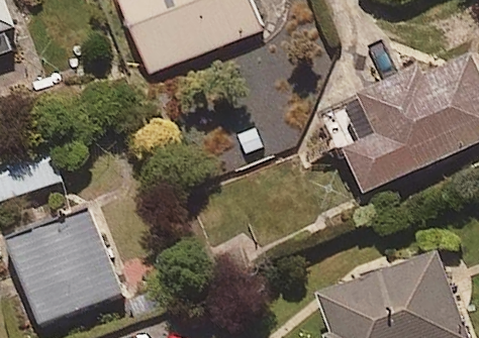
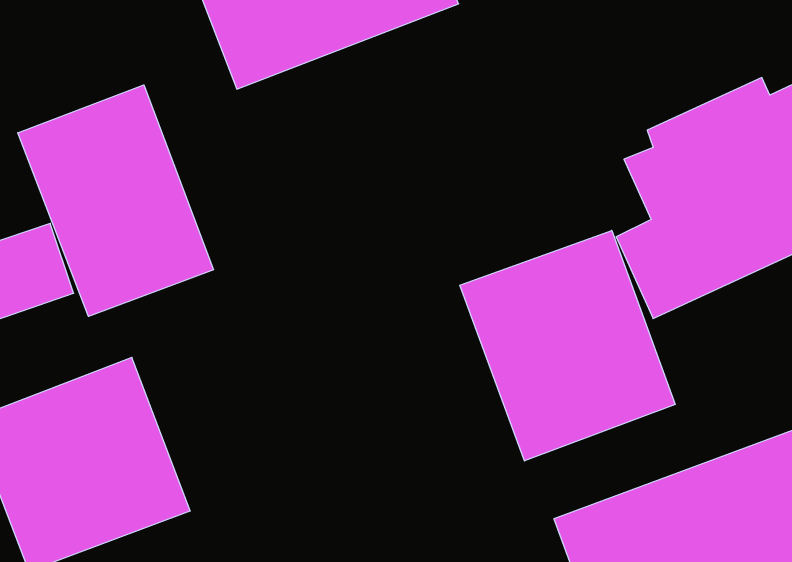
building: none -> [18,85,213,316]
building: none -> [460,230,675,461]

